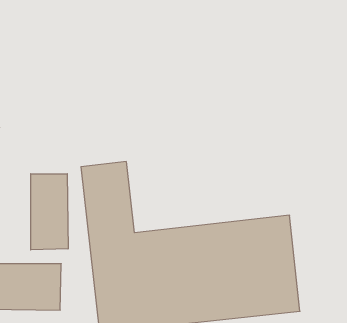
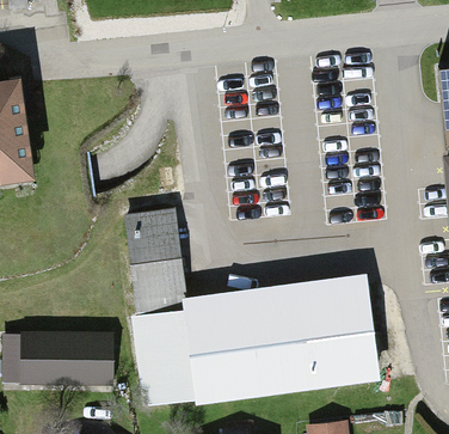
building: [31,174,68,250] -> none

